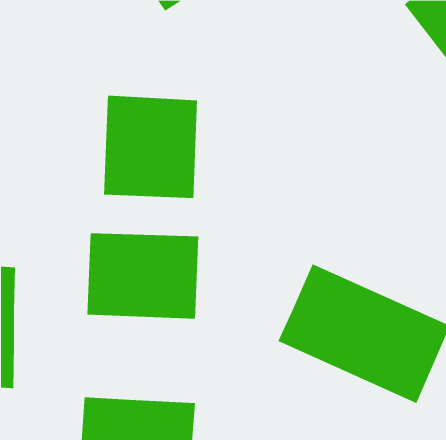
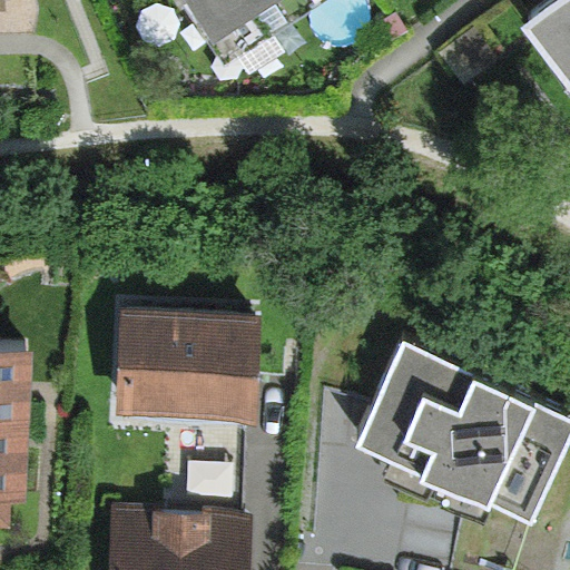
building: [104,95,198,199] -> none

